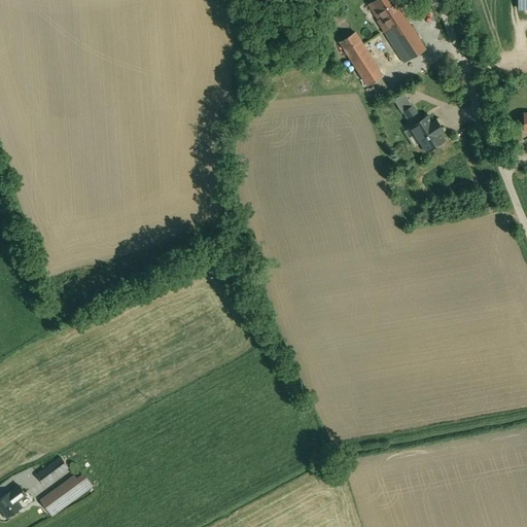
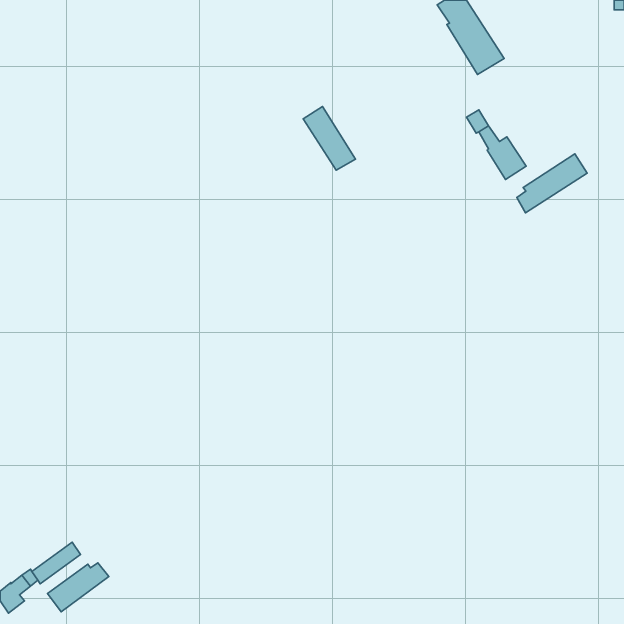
building: [339,32,383,85] -> [303,107,356,170]
building: none -> [517,154,587,213]

